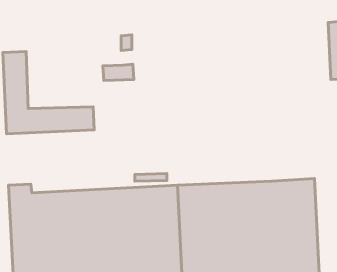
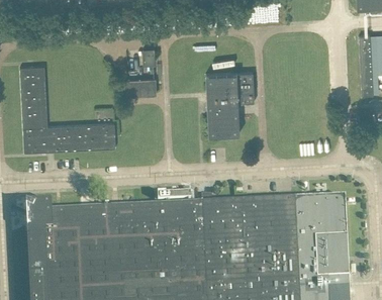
building: none -> [205,71,253,133]

